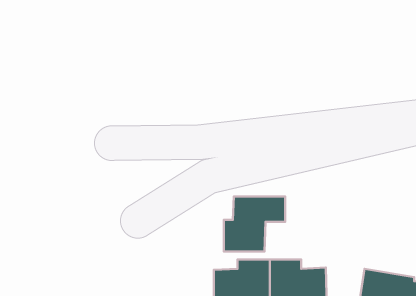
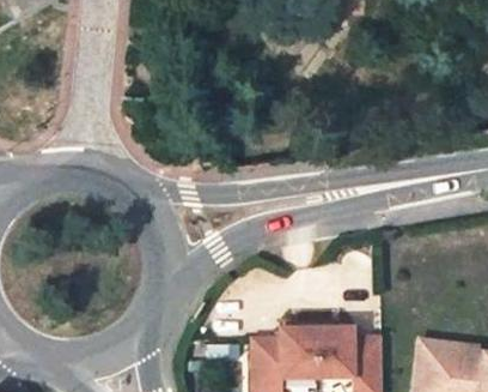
building: [224,196,285,252] -> none

